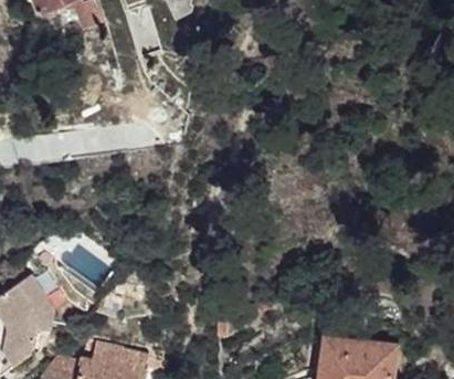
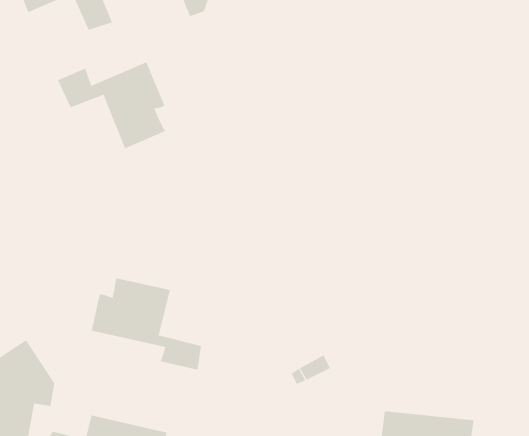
building: none -> [57,61,165,149]
building: none -> [91,278,202,371]

